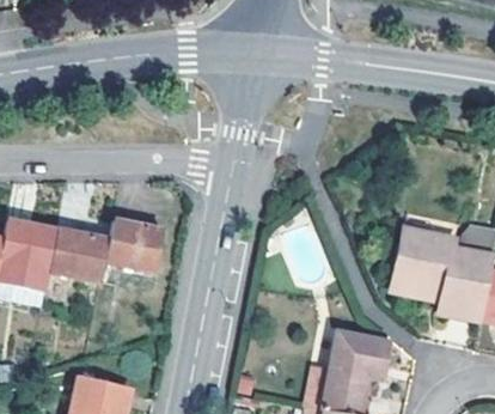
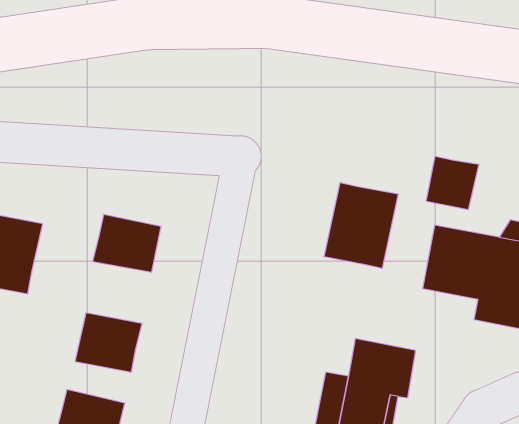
building: none -> [426,156,479,210]
building: none -> [324,182,398,268]
building: [48,229,108,281] -> [75,313,142,372]

